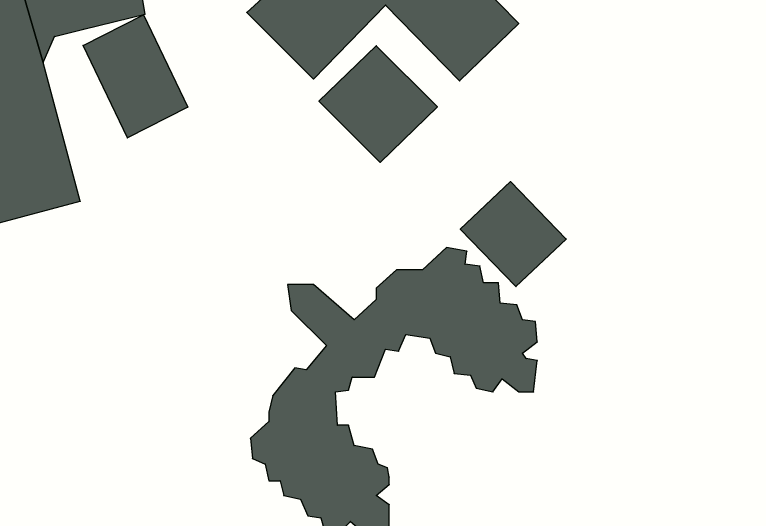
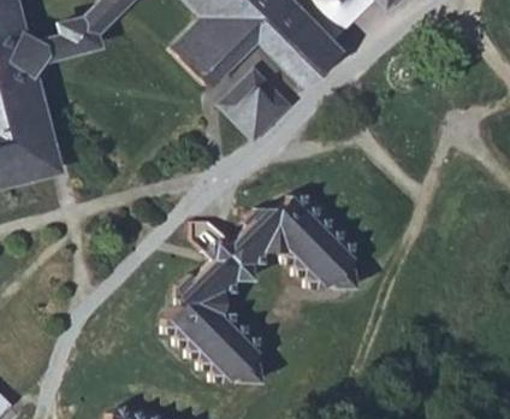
building: [83,15,188,138] -> none
building: [460,182,566,287] -> none

